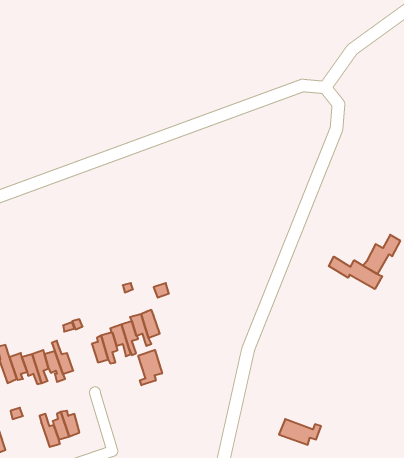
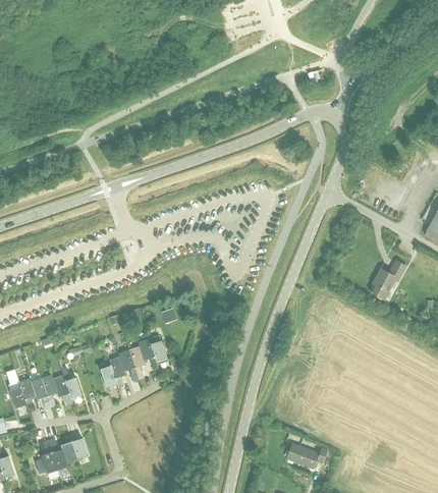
building: [329,257,382,289] -> none
building: [138,350,162,385] -> none
building: none -> [36,440,58,475]

